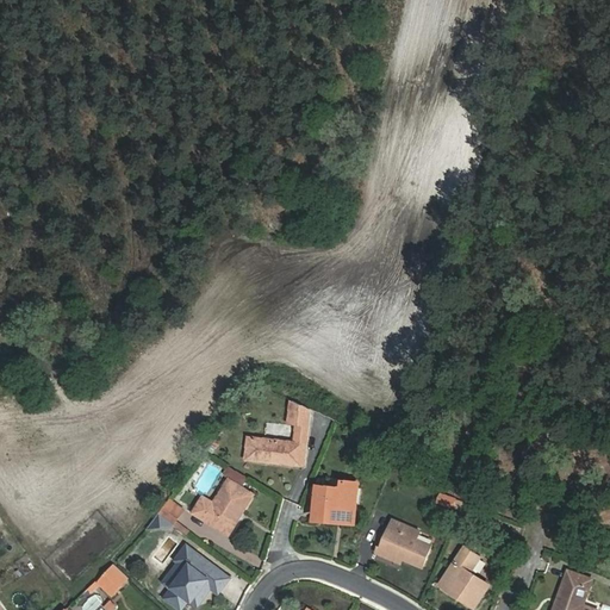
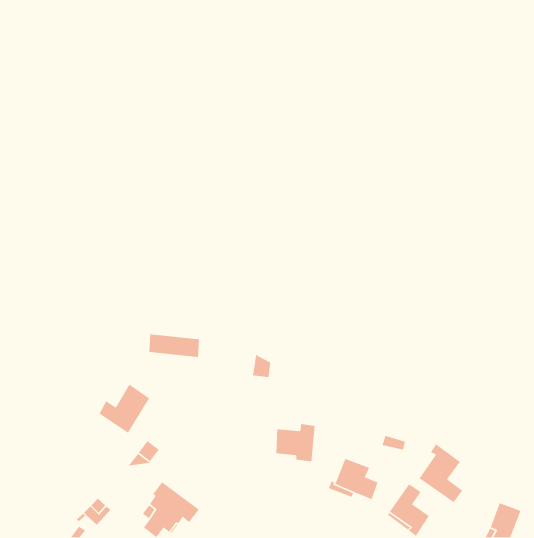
building: [244,437,303,465] -> [148,334,200,358]
building: [192,477,250,534] -> [99,383,150,434]
building: none -> [419,443,463,503]

